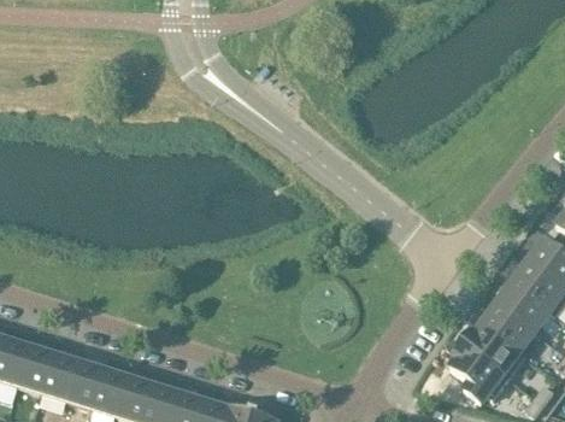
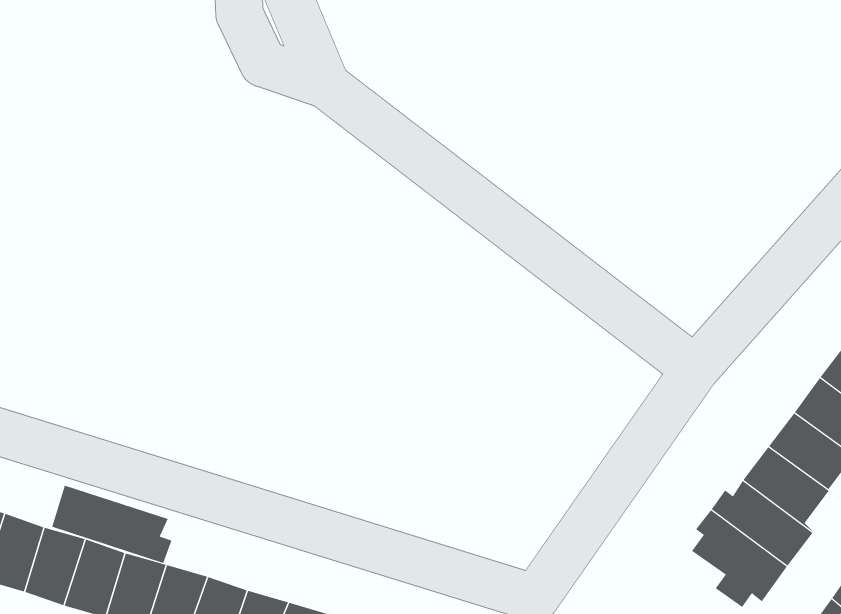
building: none -> [52,485,172,564]

